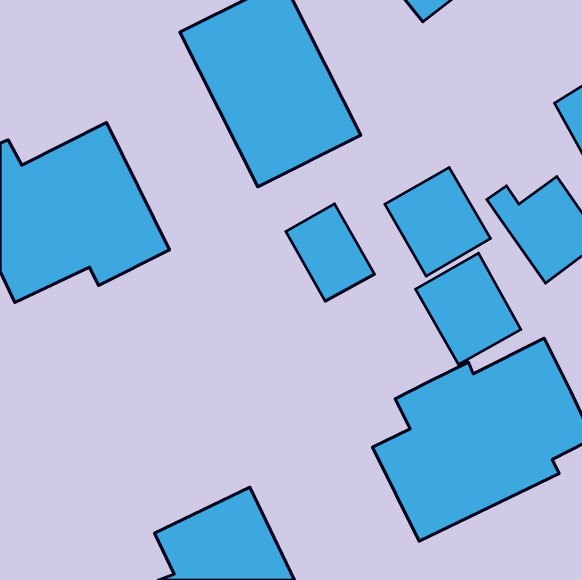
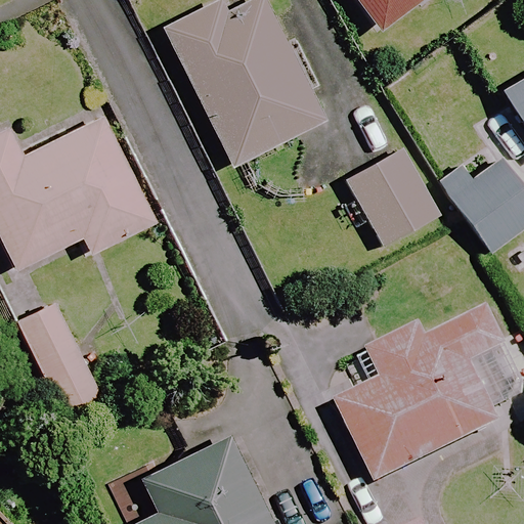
building: [286,204,375,301] -> none
building: [416,253,521,364] -> none
building: none -> [11,291,102,420]

